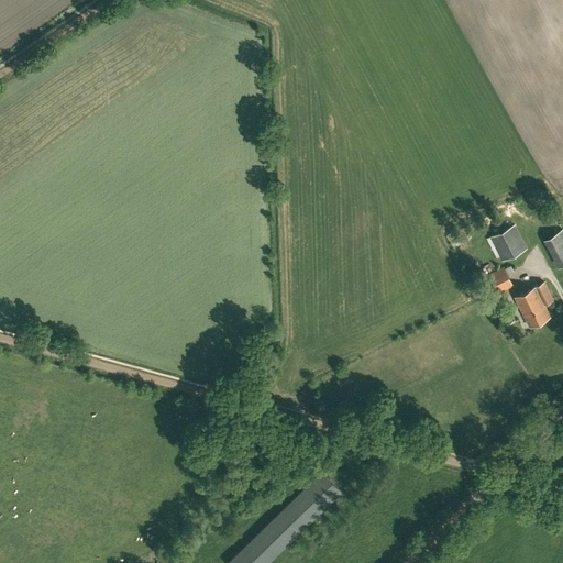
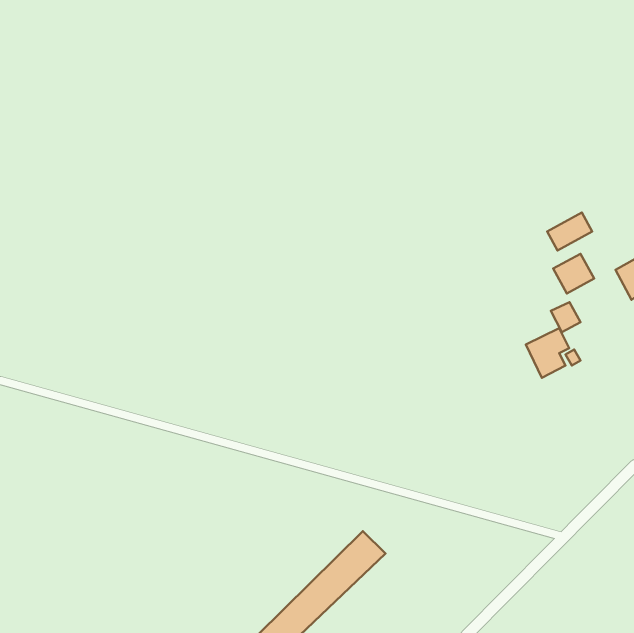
building: none -> [547,212,592,251]
building: [516,284,554,328] -> [526,328,569,378]

